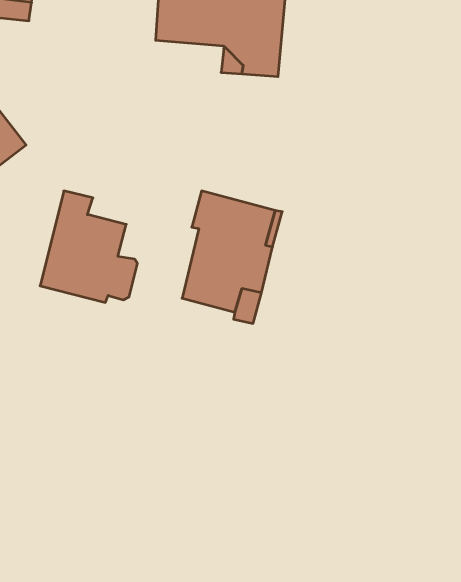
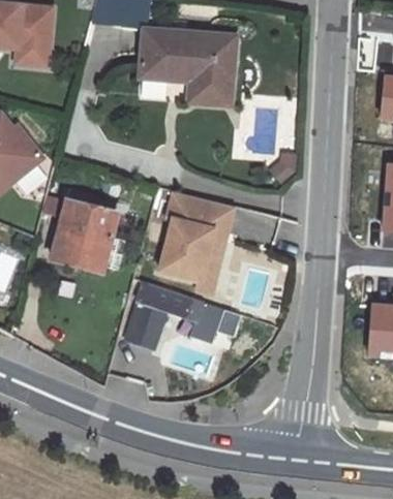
building: none -> [123,282,221,348]

